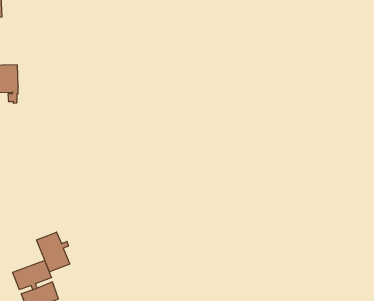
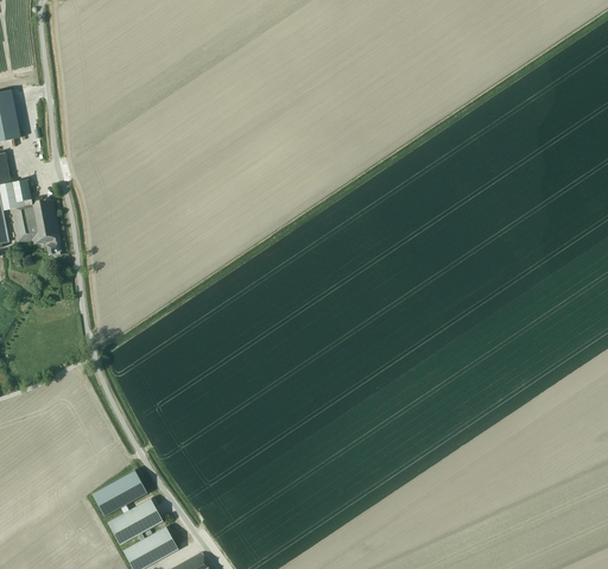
building: [36,232,70,272] -> none

